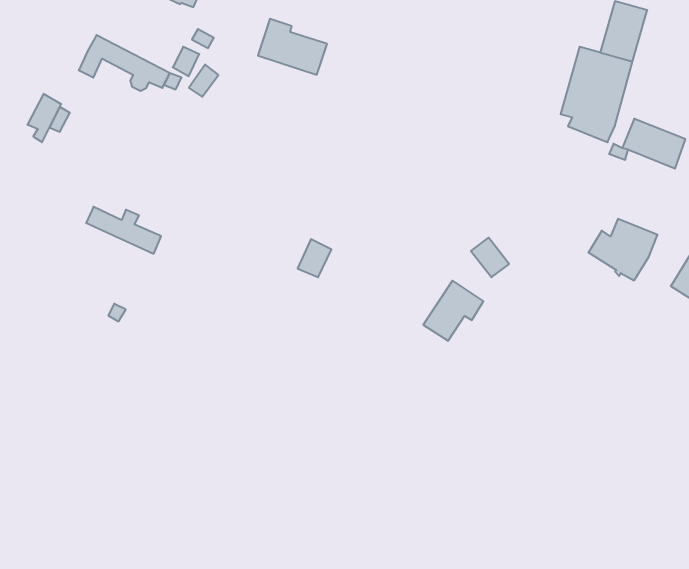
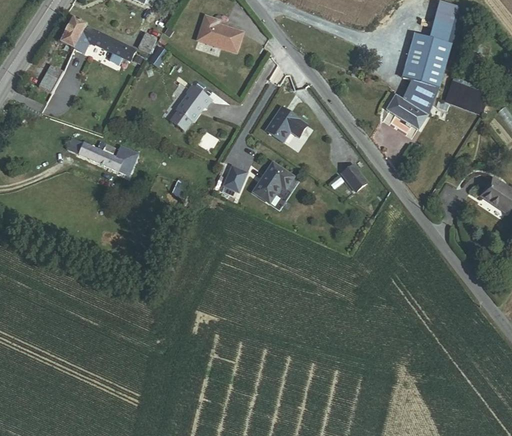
building: none -> [61,16,87,49]
building: none -> [175,84,211,120]
building: none -> [265,105,307,140]
building: [588,219,658,280] -> [387,87,434,129]
building: [423,281,483,341] -> [252,161,293,202]

